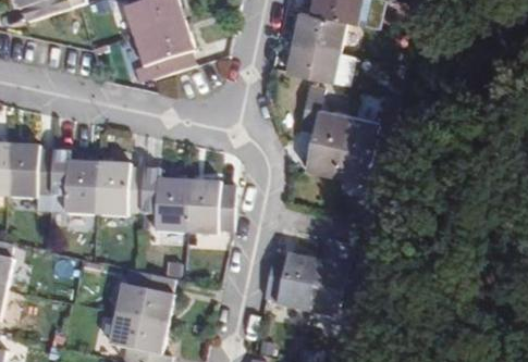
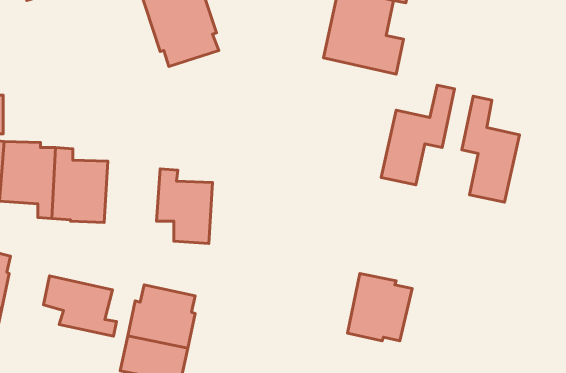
building: [298,83,348,175] -> [462,96,519,202]
building: [94,161,143,215] -> none
building: [185,179,234,234] -> none
building: [262,252,317,311] -> none
building: none -> [43,276,116,336]

